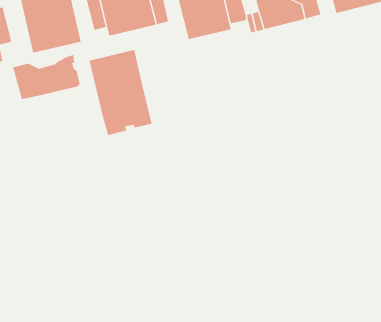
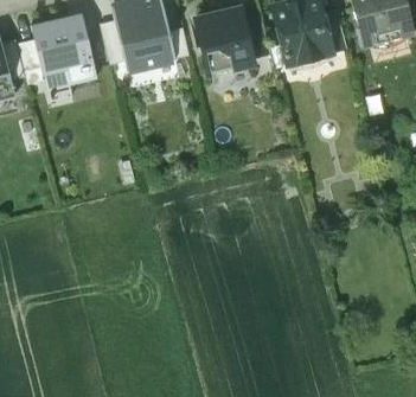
building: [89,49,152,136] -> none
building: [13,54,80,100] -> none

